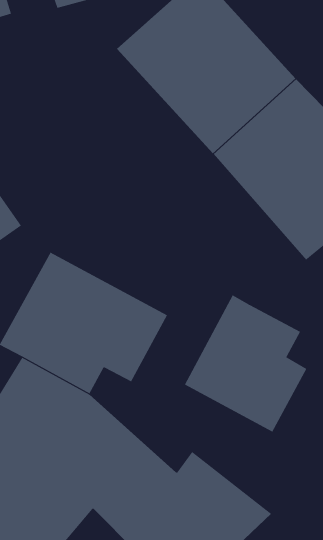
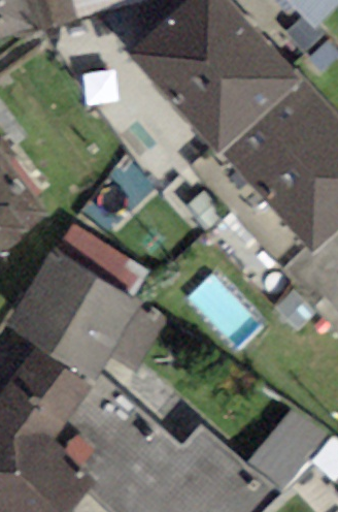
building: [184,295,307,433] -> none

